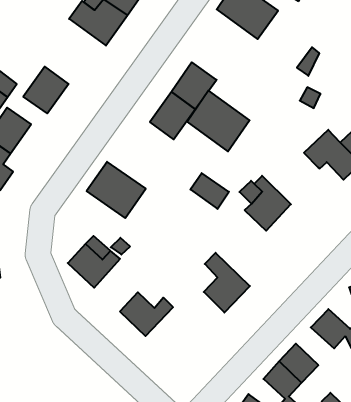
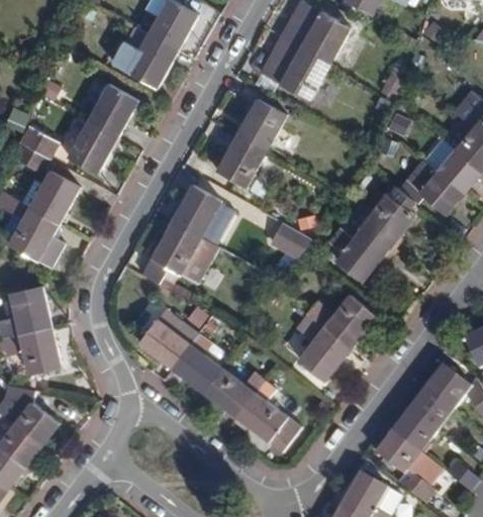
building: none -> [88,83,137,136]
building: [187,91,250,151] -> [258,33,329,101]
building: none -> [171,183,221,237]
building: none -> [351,187,414,248]
building: none -> [306,294,376,347]
building: none -> [171,331,221,392]
building: none -> [235,381,300,450]
building: none -> [409,388,454,430]

